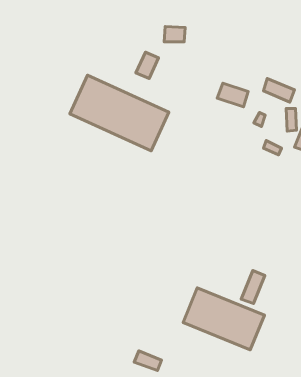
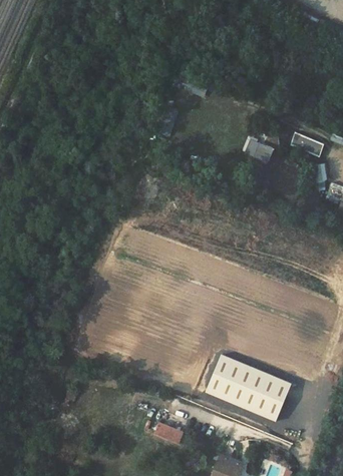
building: [70,75,169,151] -> none
building: [241,270,265,303] -> none

